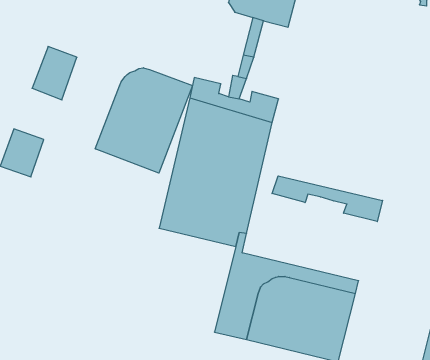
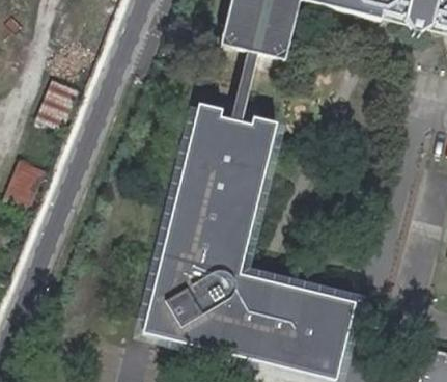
building: [95,68,193,173] -> none
building: [272,176,383,222] -> none
building: none -> [142,250,235,351]

